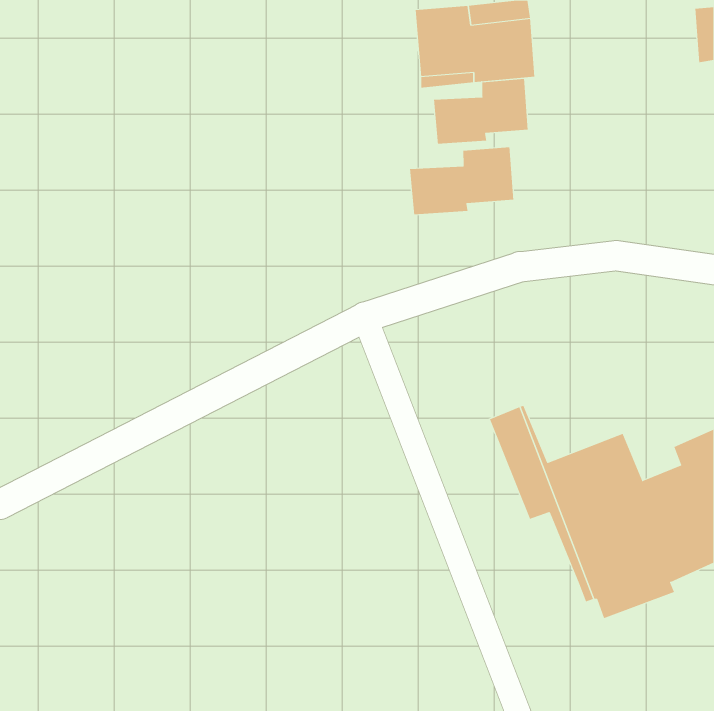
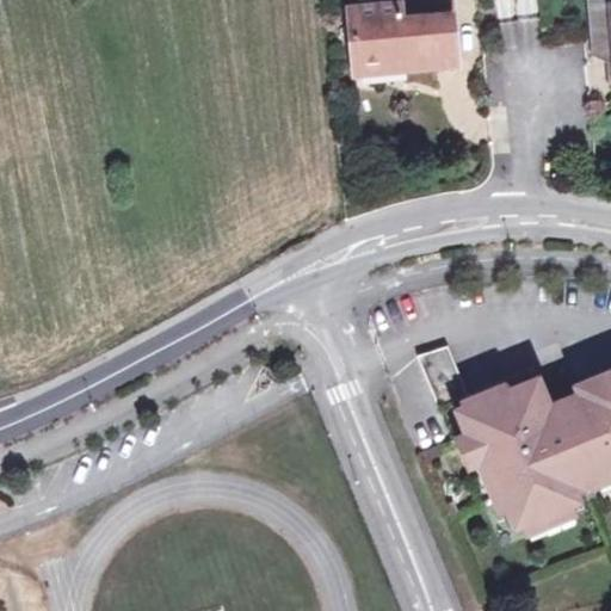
building: [433,78,528,144] -> none
building: [410,147,514,215] -> none

